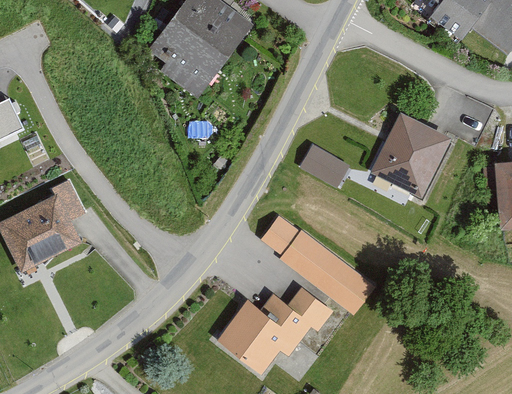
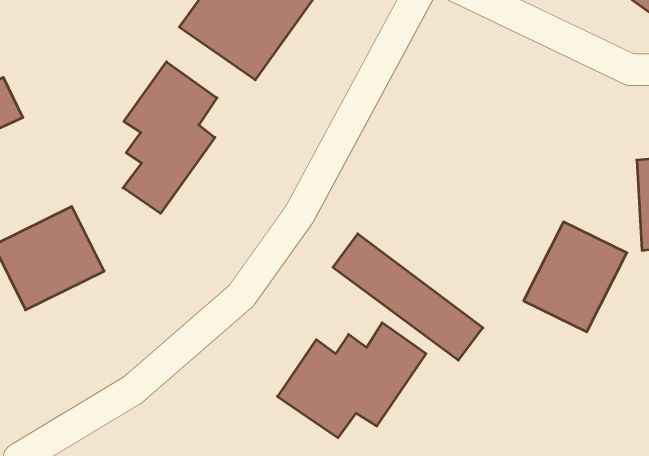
building: none -> [123,62,217,213]
building: [372,111,452,196] -> [524,222,627,332]
building: [299,146,350,190] -> none

